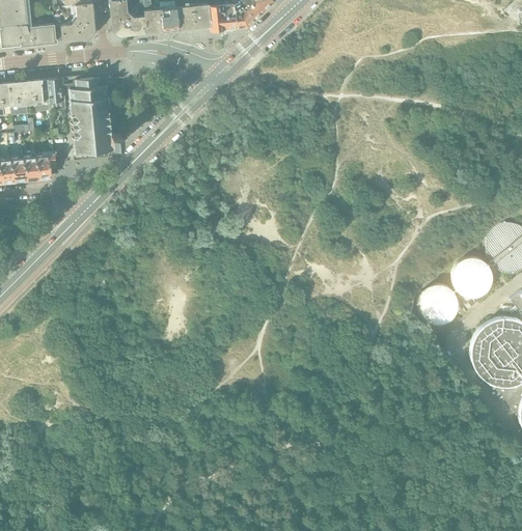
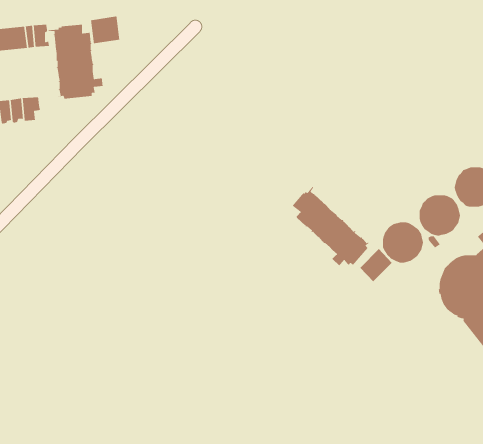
building: none -> [90,16,120,44]
building: none -> [292,186,369,267]
building: none -> [360,248,392,282]

